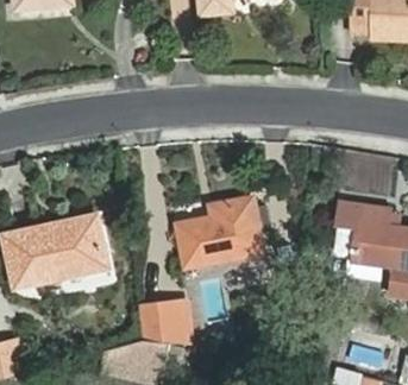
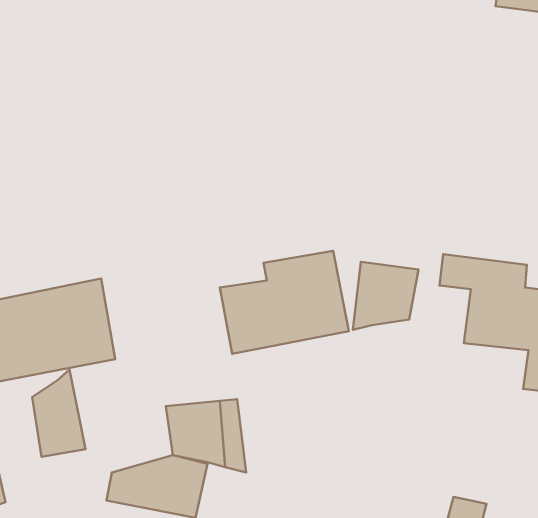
building: none -> [353,262,418,330]
building: none -> [32,369,85,457]

